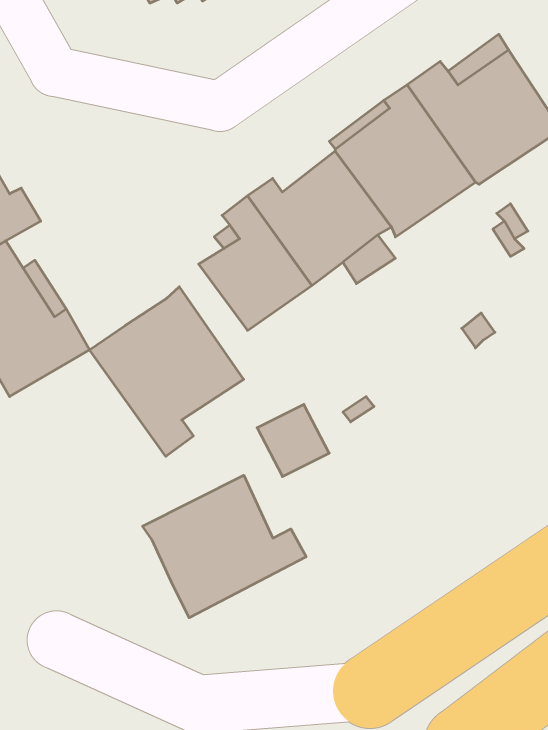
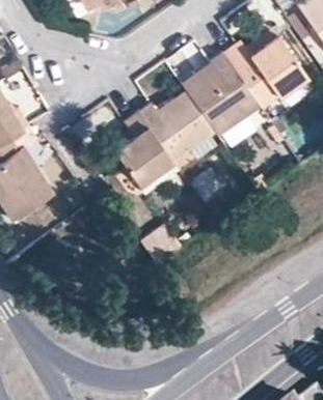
building: [89,287,244,456] -> none
building: [143,475,306,618] -> none

